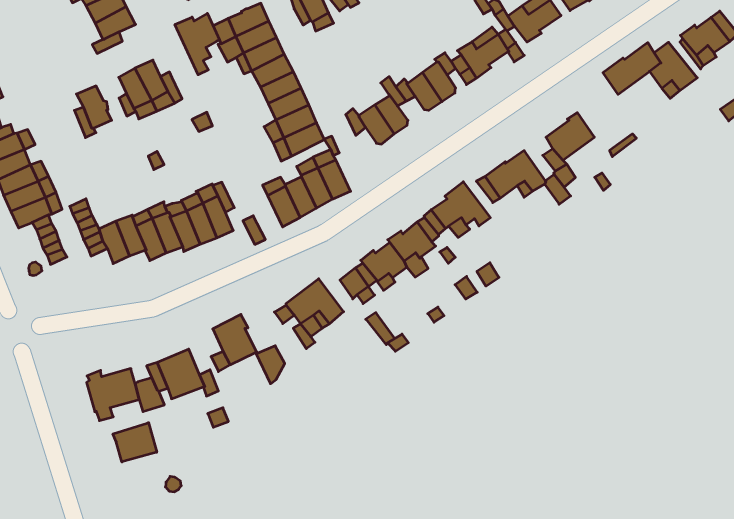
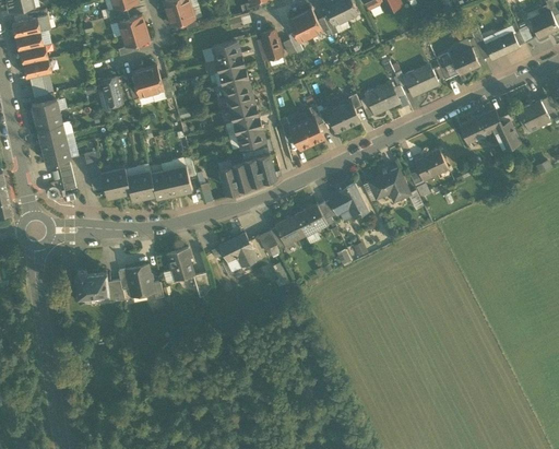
building: [175,13,219,75] -> none
building: [113,423,157,462] -> none

